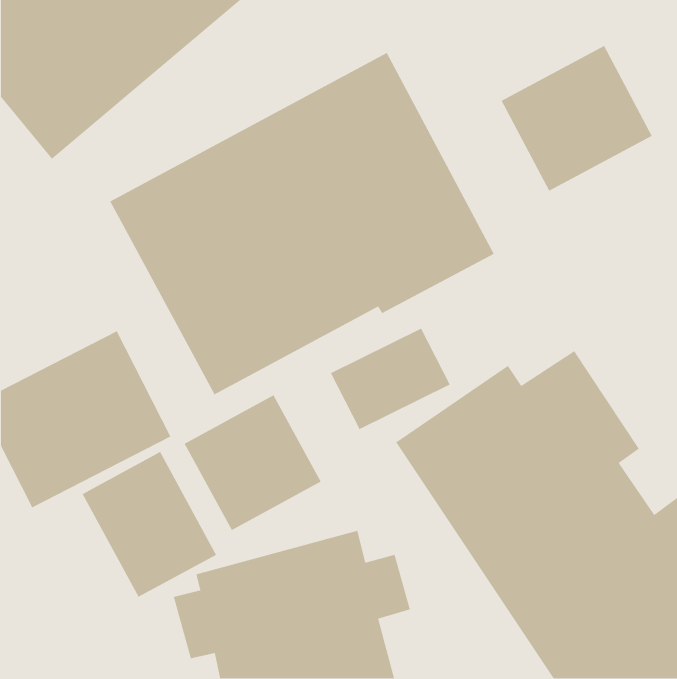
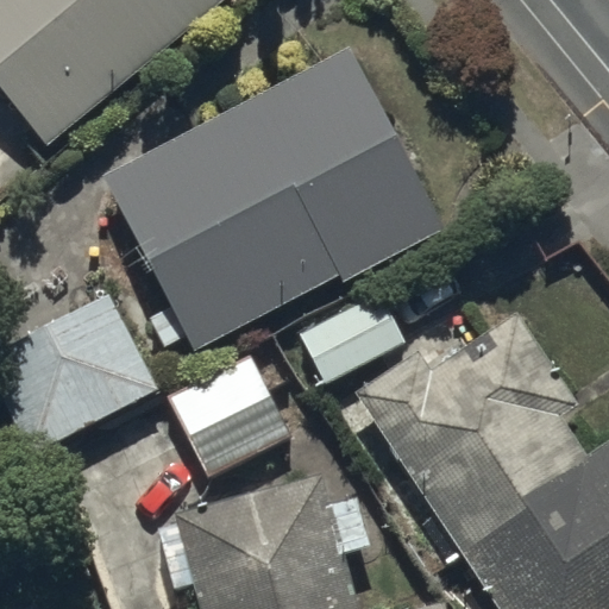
building: [500,45,653,192] -> none
building: [81,451,217,598] -> none

